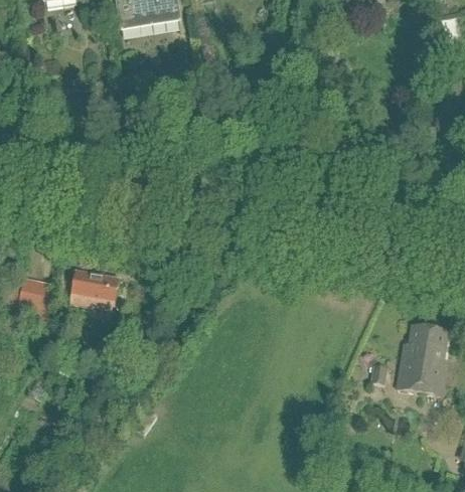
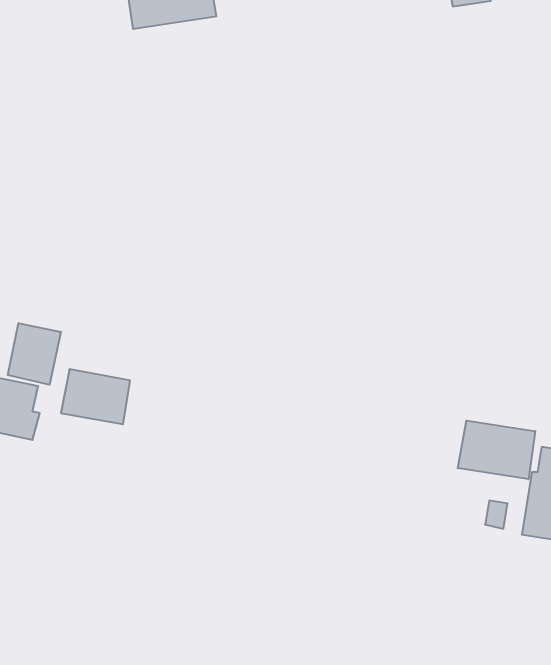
building: none -> [8,323,61,385]
building: none -> [458,421,535,479]

